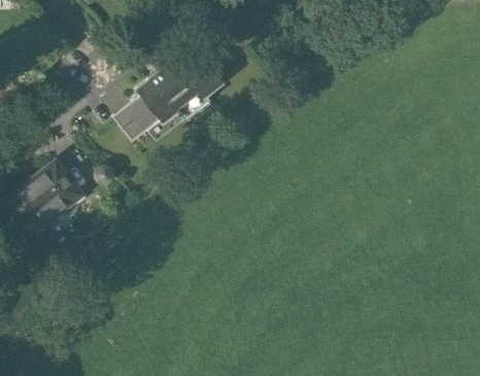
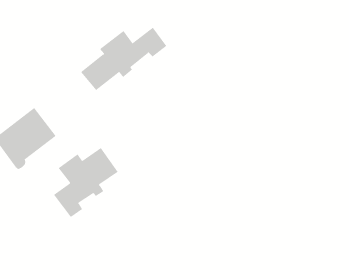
building: none -> [53,147,118,218]

